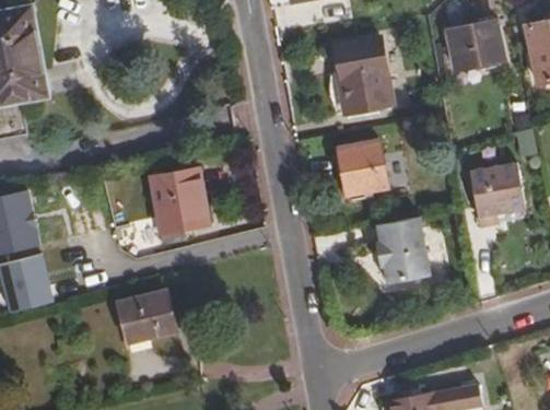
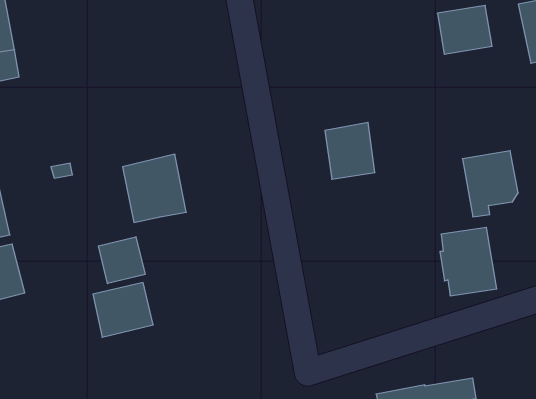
building: [333,37,393,112] -> none
building: [375,216,430,282] -> [440,227,497,296]
building: none -> [98,237,145,284]

